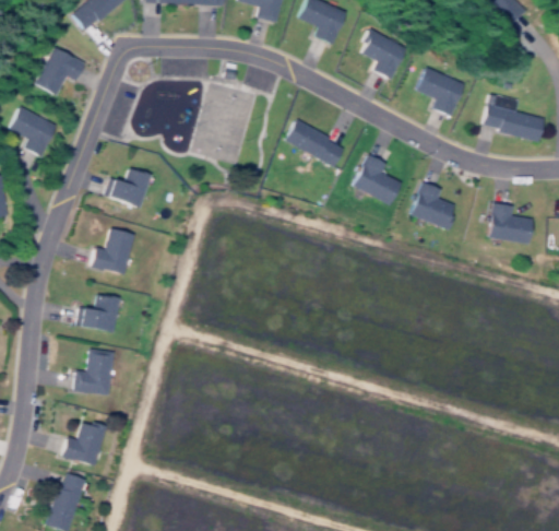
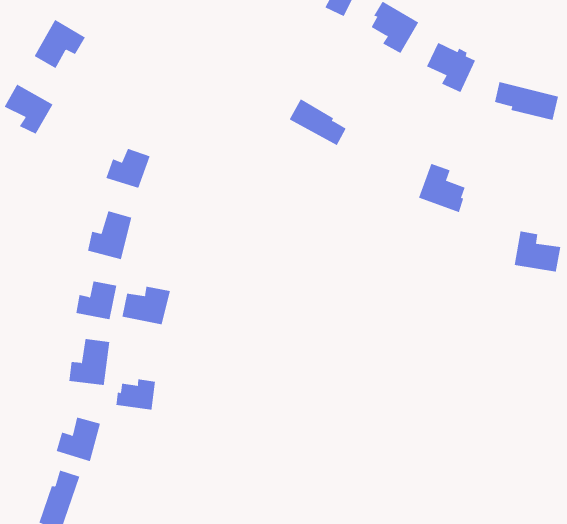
building: [348,155,395,204] -> none
building: [484,203,528,243] -> [514,231,561,272]
building: none -> [122,286,170,325]
building: none -> [116,378,156,410]

